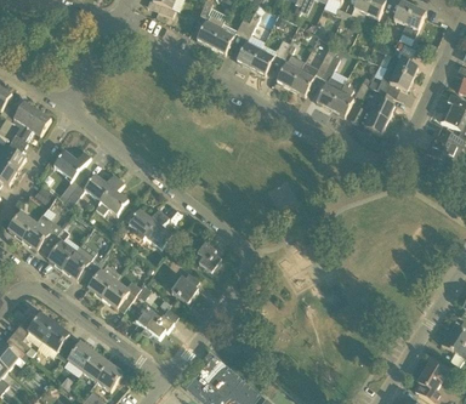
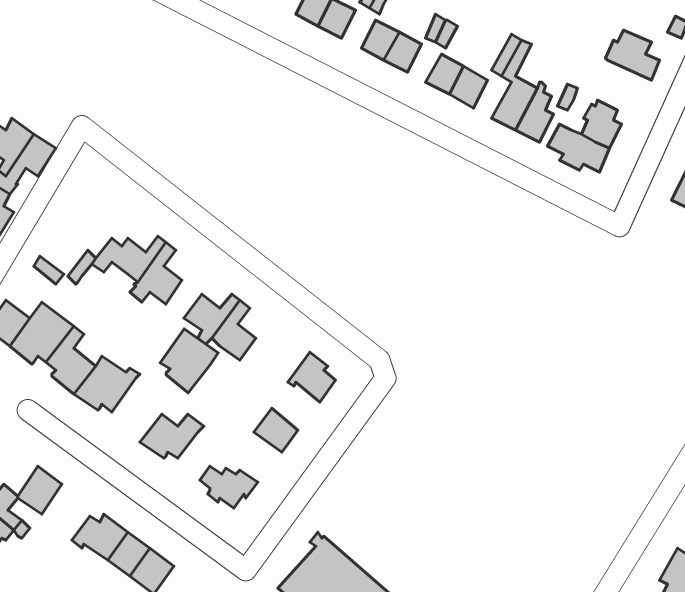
building: [376,67,413,97] -> none
building: [53,150,91,180] -> none
building: [85,260,120,298] -> [160,329,218,393]
building: [42,324,72,358] -> none

